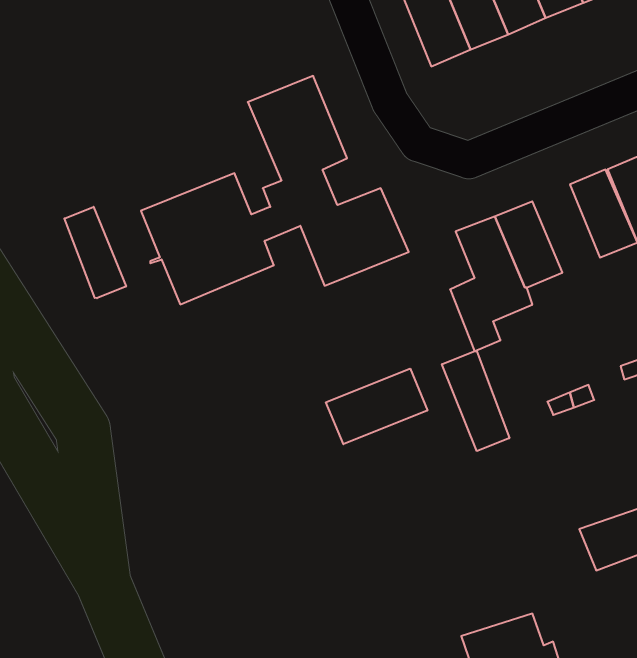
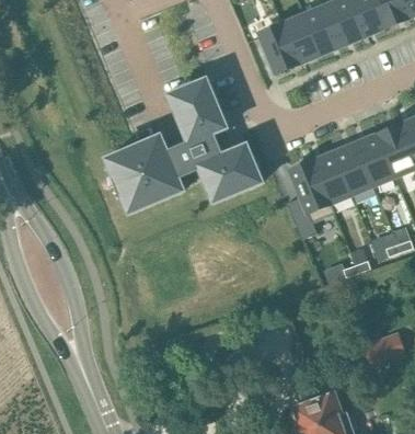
building: none -> [335,141,374,193]
building: [64,207,126,298] -> none
building: [442,351,509,451] -> none
building: [326,369,427,444] -> none

